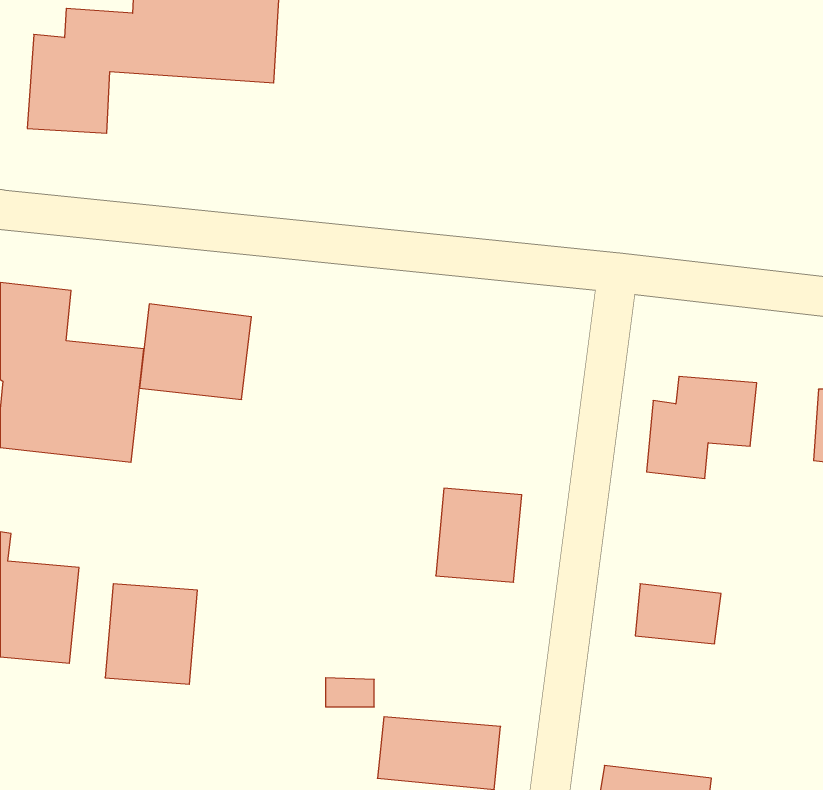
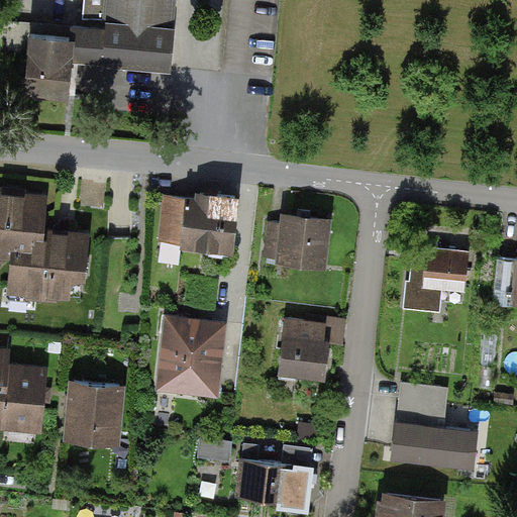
building: [140,304,251,399] -> [169,191,238,250]
building: none -> [264,215,328,265]
building: none -> [157,316,225,398]
building: none -> [391,413,480,459]

